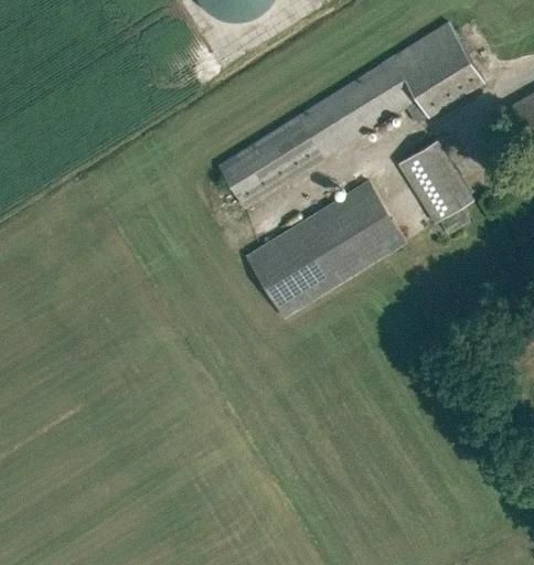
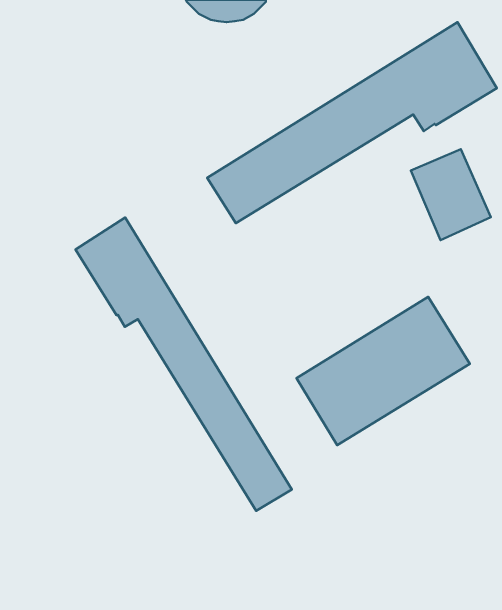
building: [245,178,405,315] -> [296,297,470,445]
building: none -> [75,217,292,511]

